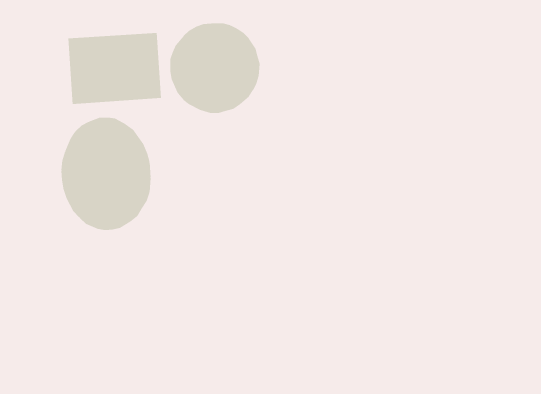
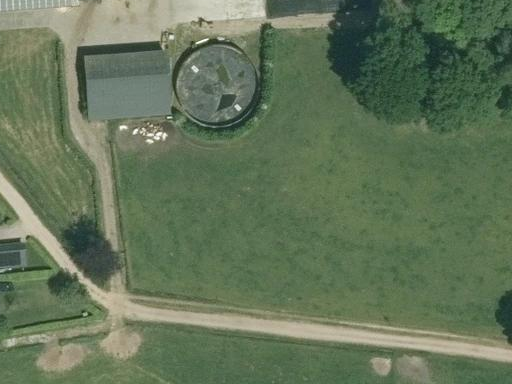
building: [61,117,151,231] -> none

